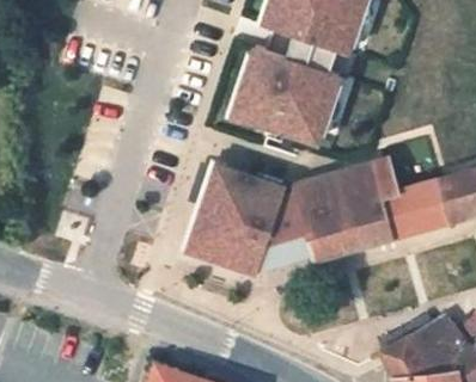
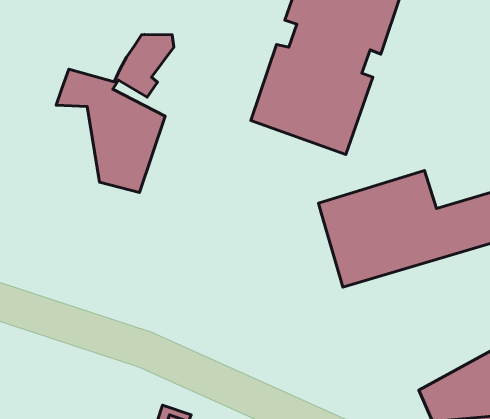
building: none -> [56,35,174,192]
building: [188,164,312,272] -> none

